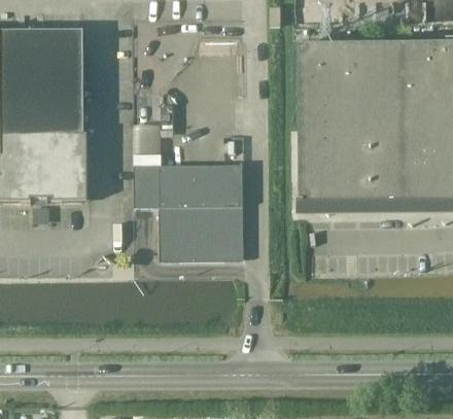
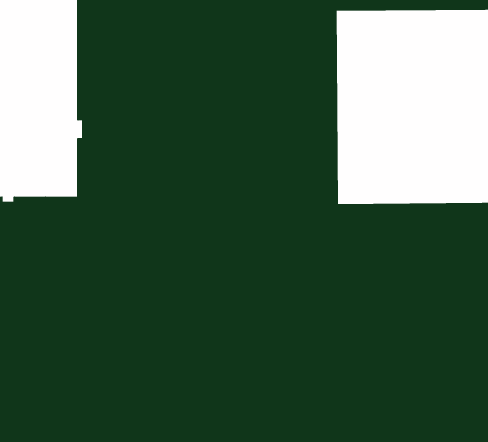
building: [134,164,243,256] -> none

